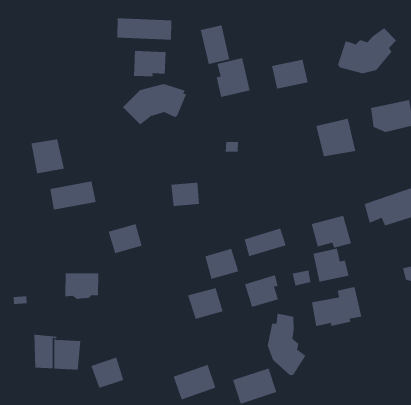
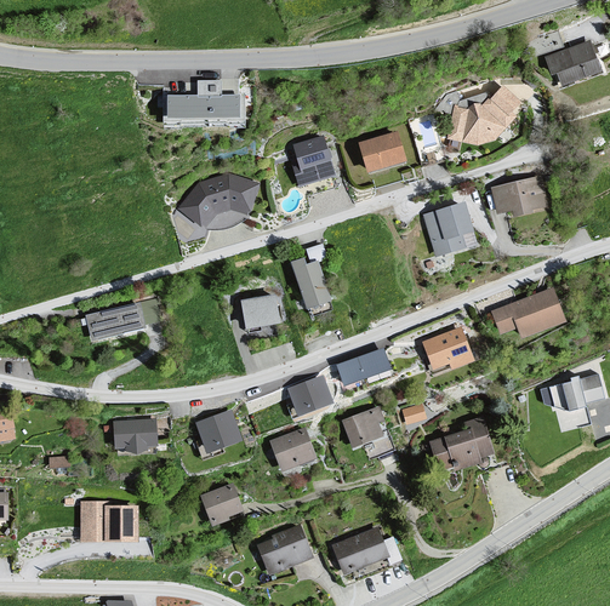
building: [200,24,230,65] -> none
building: [133,50,166,77] -> none
building: [31,138,65,174] -> none
building: none -> [293,261,333,314]
building: [108,224,143,254] -> [198,411,243,451]
building: [313,248,349,282] -> none
building: [267,313,306,376] -> none
building: [90,357,124,388] -> [201,481,245,522]

